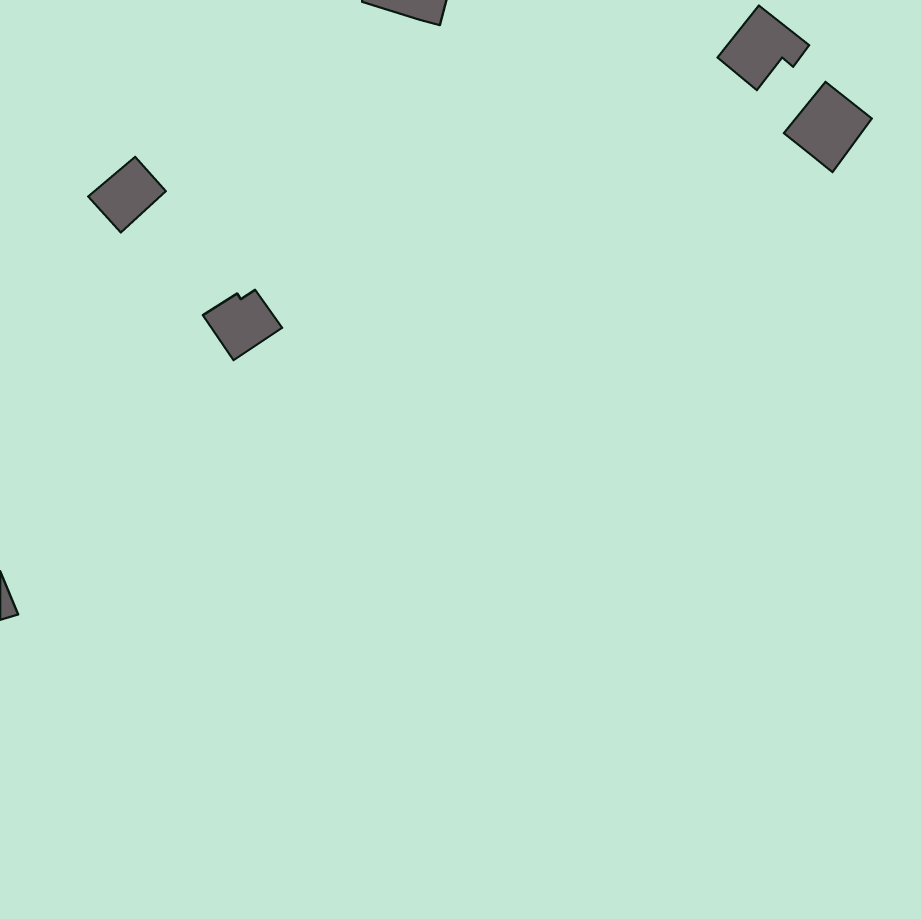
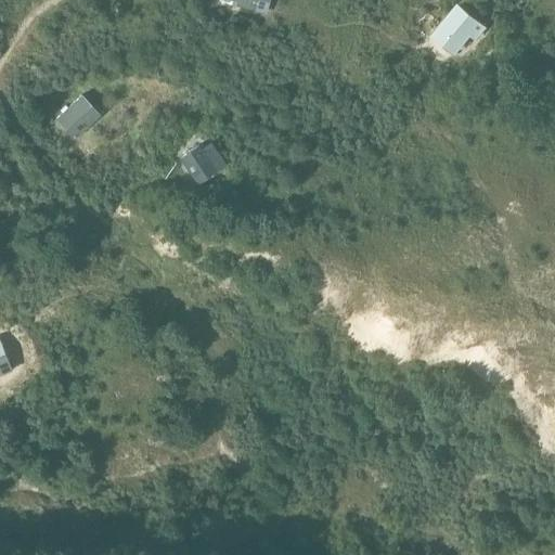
building: [784,82,872,172] -> none
building: [203,290,282,360] -> [178,143,225,185]

